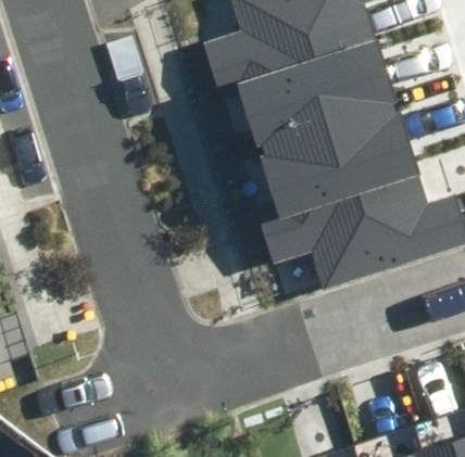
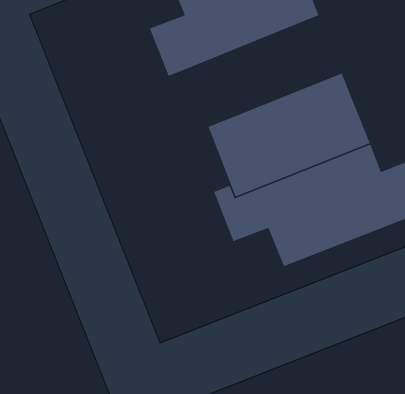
building: [236,42,392,145] -> none

